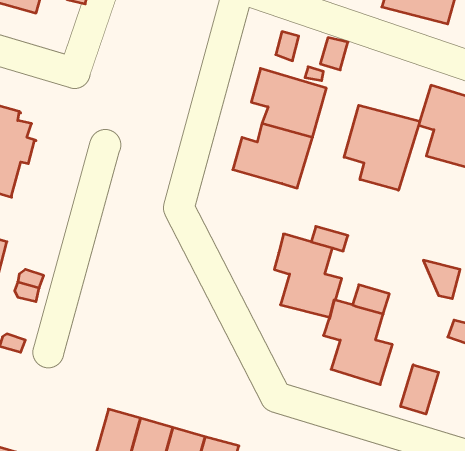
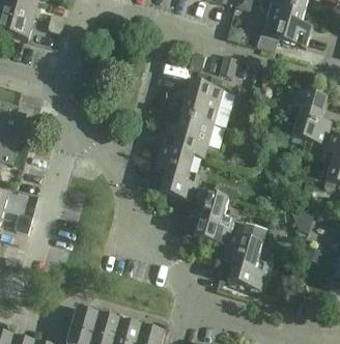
building: [344,105,420,190] -> none
building: none -> [154,145,200,201]
building: [401,365,439,414] -> none

